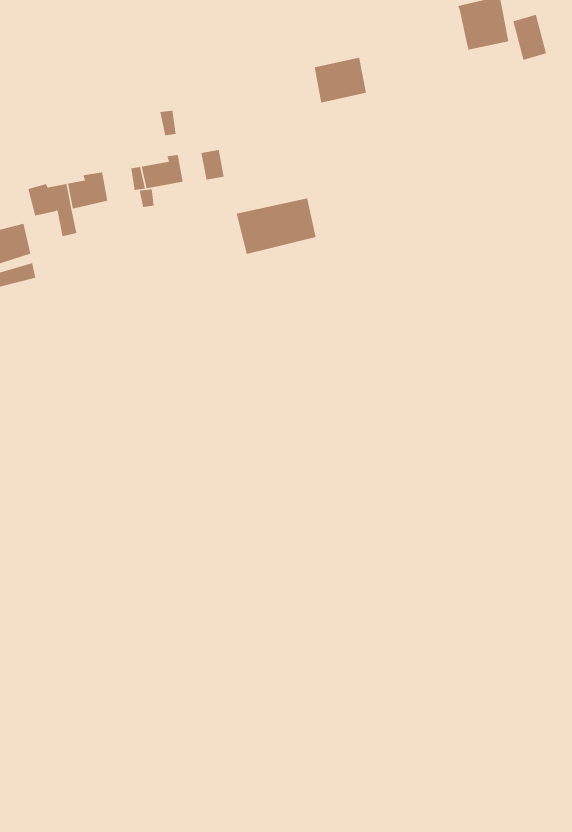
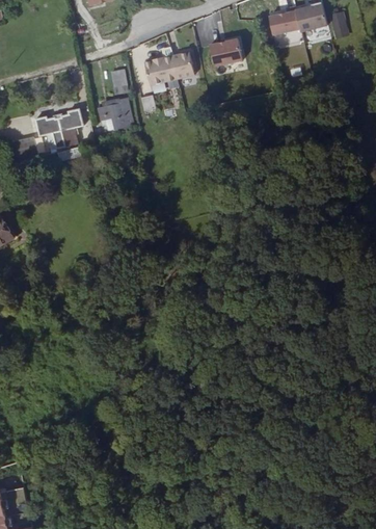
building: none -> [269,10,301,36]
building: [236,198,316,254] -> [144,52,193,86]

